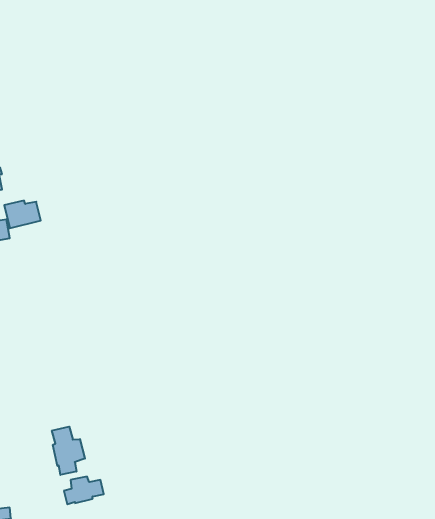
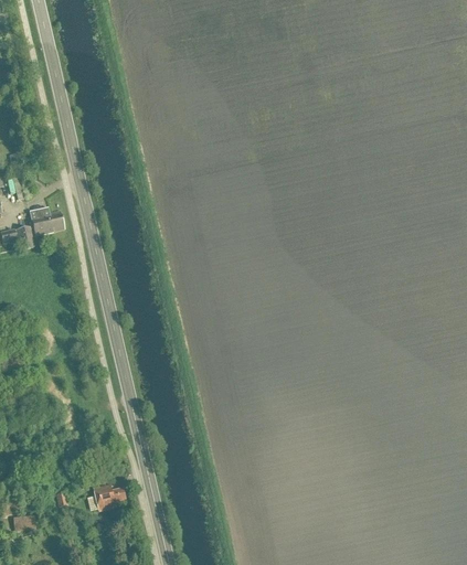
building: [52,427,85,475] -> none

